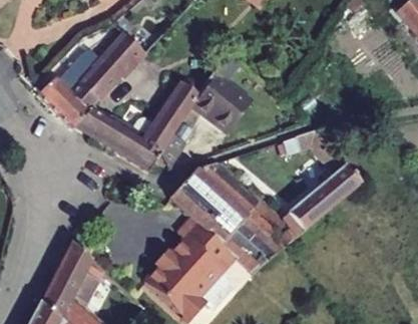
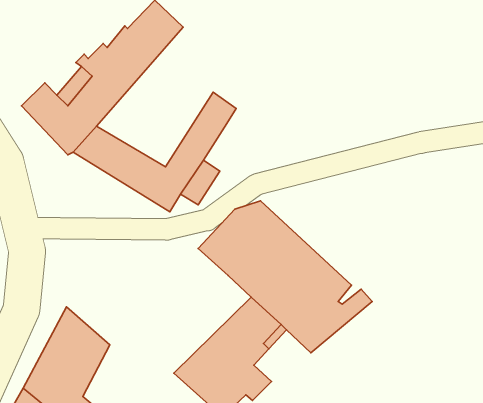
building: [189,73,250,131] -> none
building: [280,131,363,239] -> none
building: [141,220,207,292] -> none

